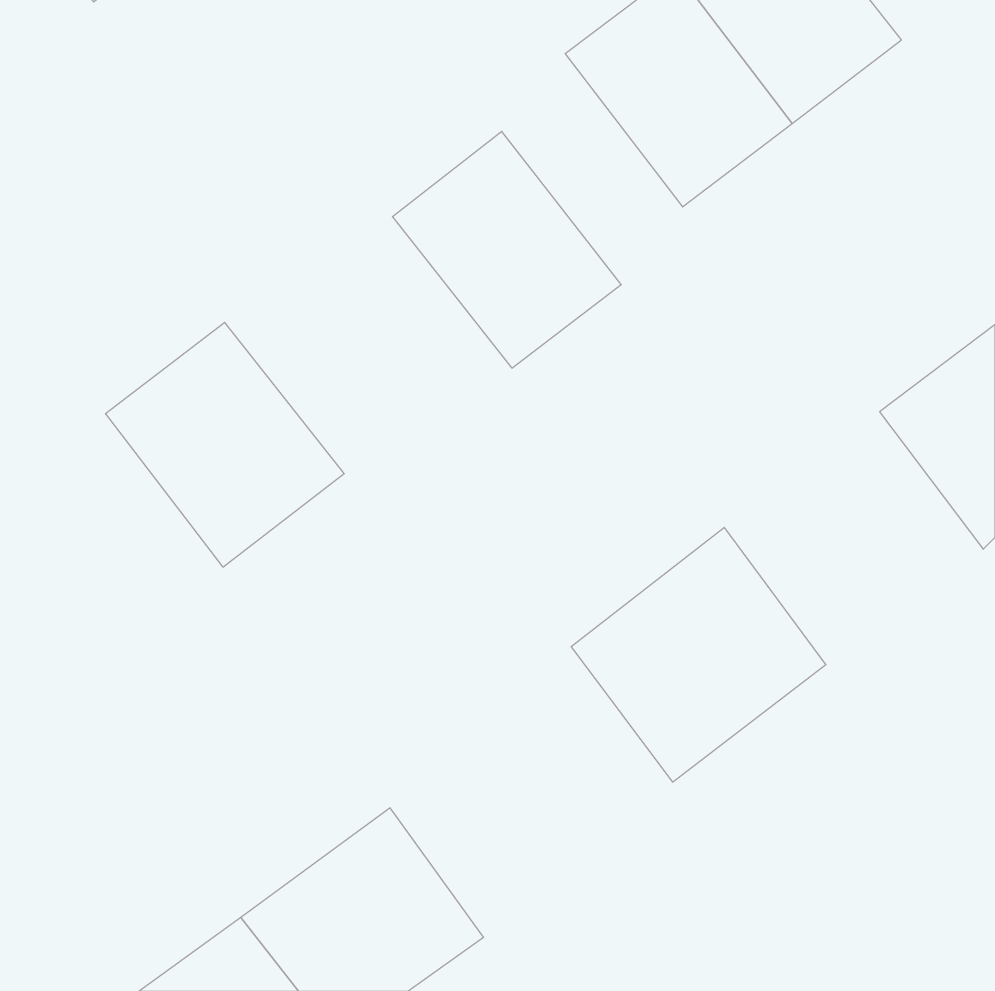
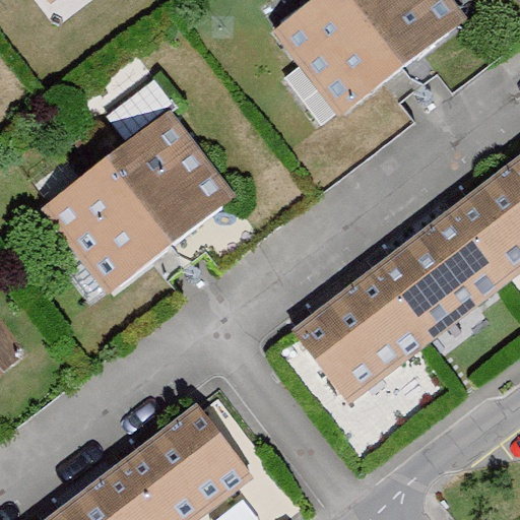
building: [392,131,621,368] -> [115,121,232,242]
building: none -> [370,210,502,339]

